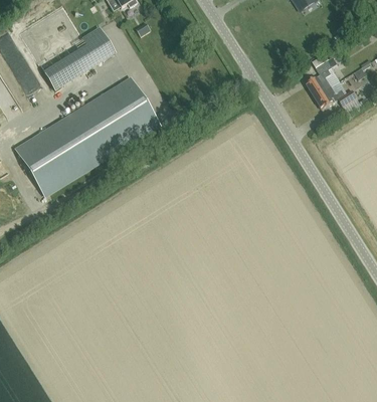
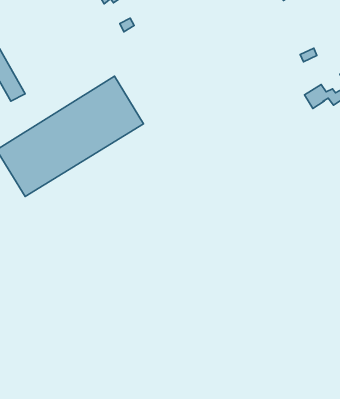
building: [39,27,115,90] -> none
building: [306,60,333,96] -> none

